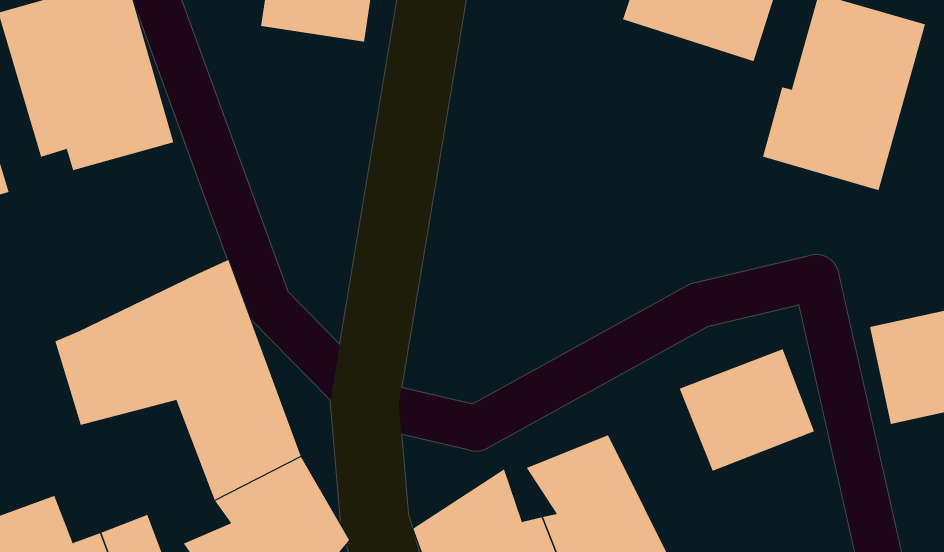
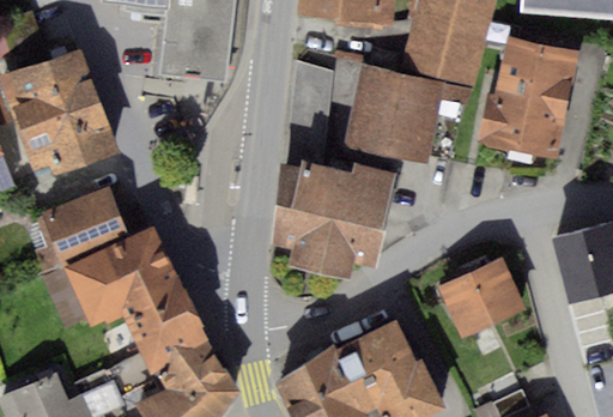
building: none -> [336,60,447,157]
building: none -> [273,158,397,278]
building: none -> [41,189,132,273]

